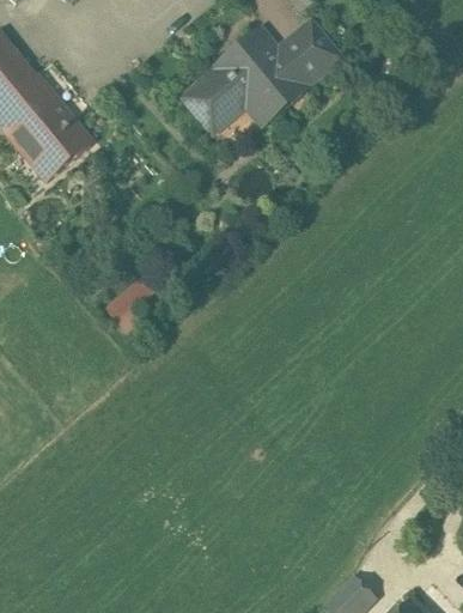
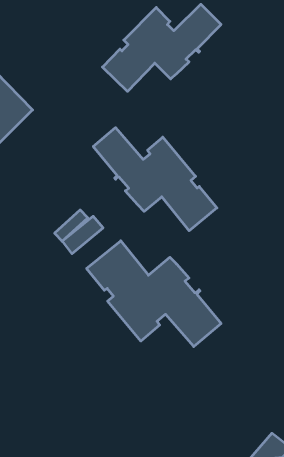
building: none -> [93,128,217,231]
building: none -> [87,241,221,347]

